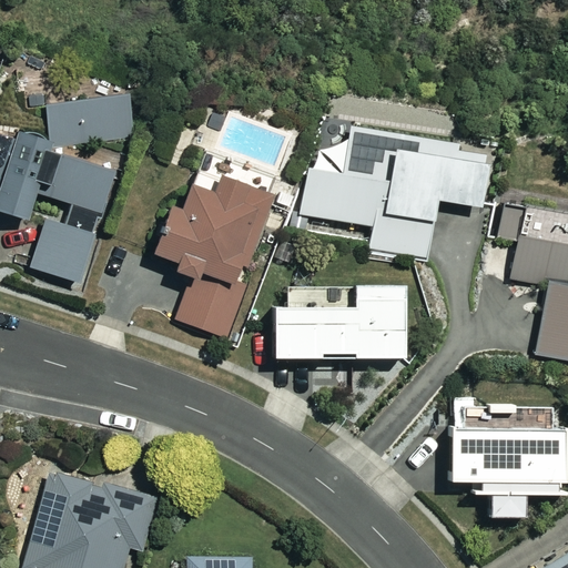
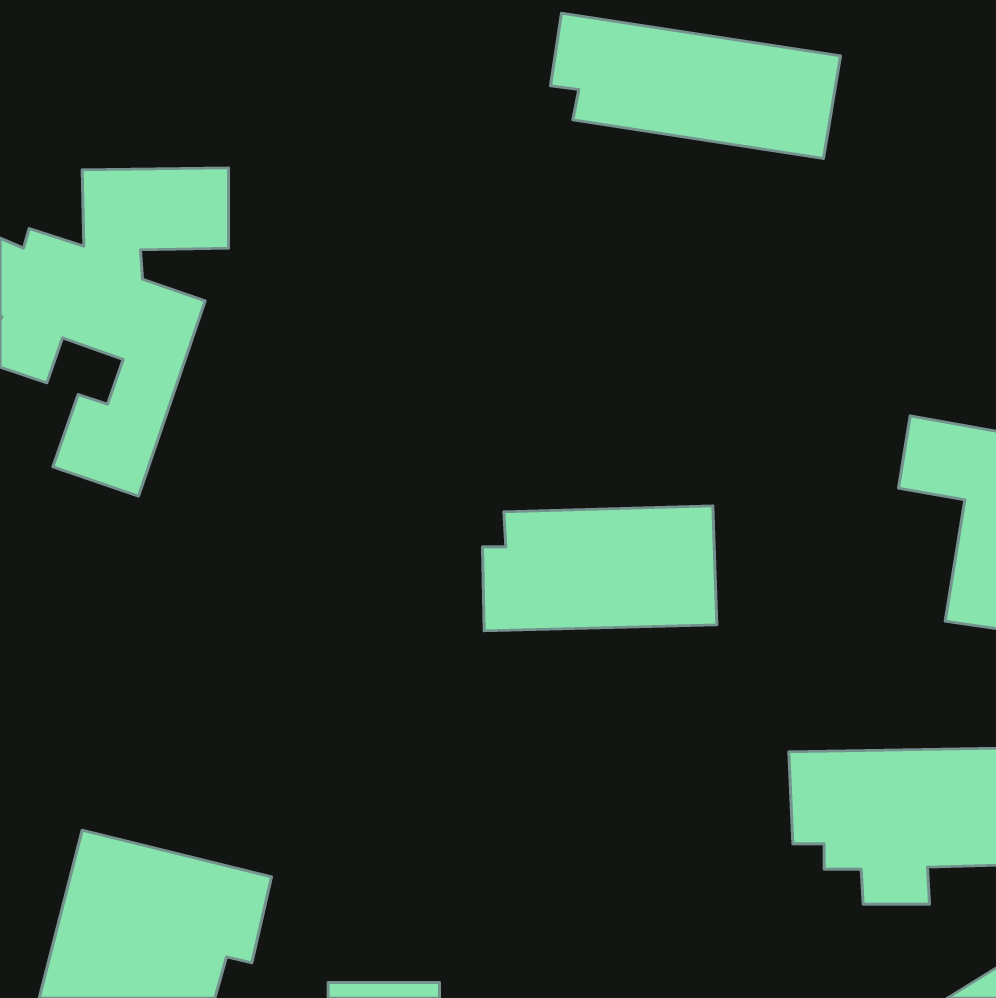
building: none -> [551,13,840,159]
building: [302,126,489,258] -> none
building: [156,175,272,336] -> none

